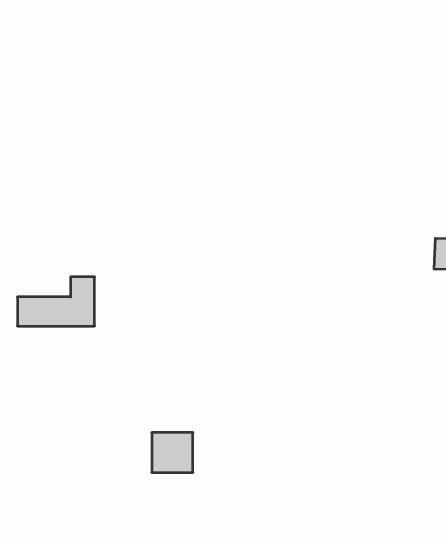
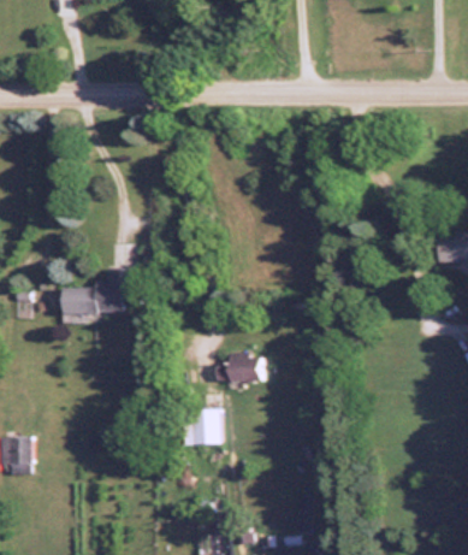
building: none -> [214,354,257,382]

